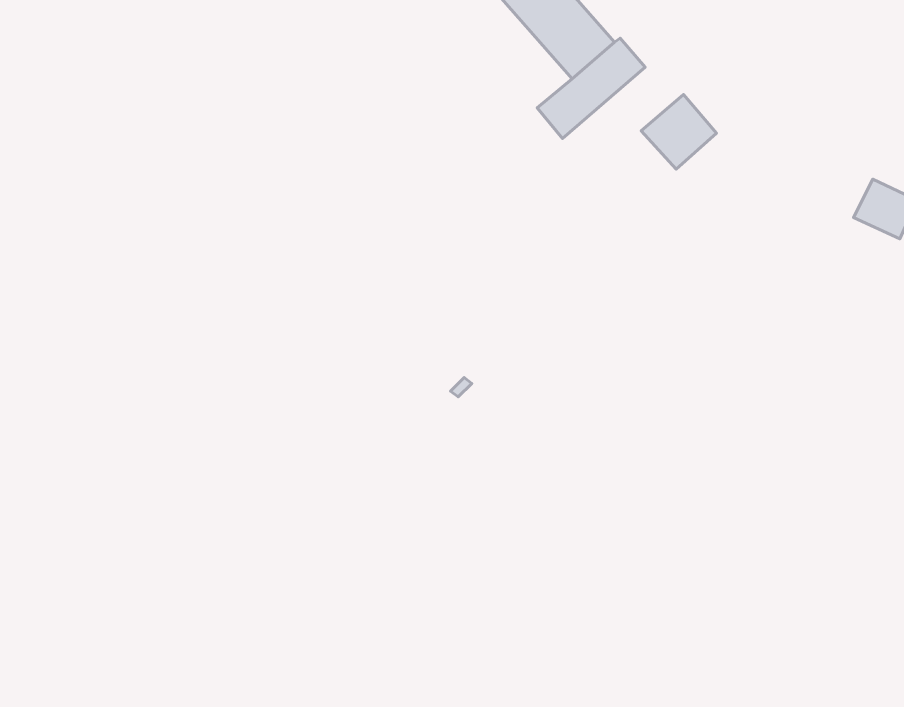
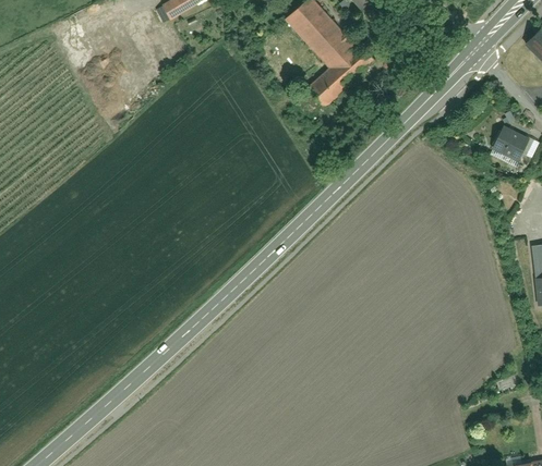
building: [641,94,717,169] -> none

